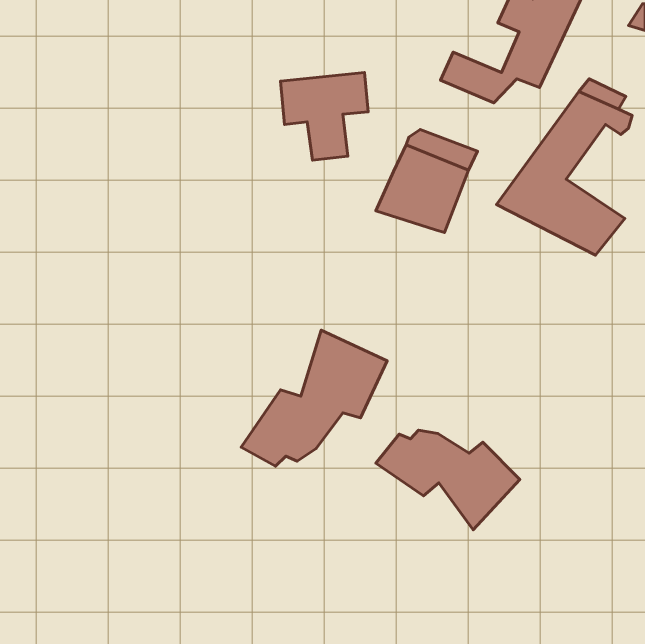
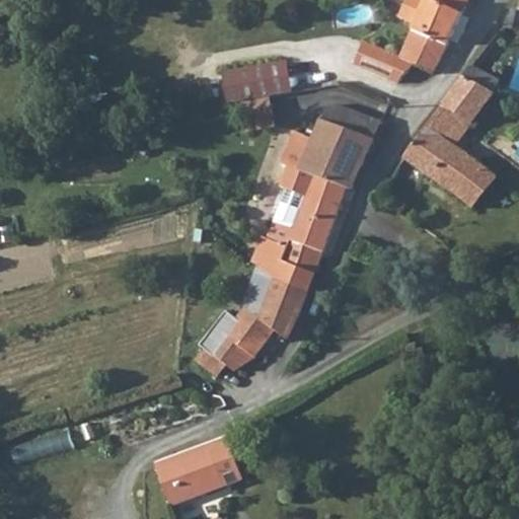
building: none -> [251,129,348,288]
building: [376,430,520,530] -> none
building: none -> [150,440,237,504]

